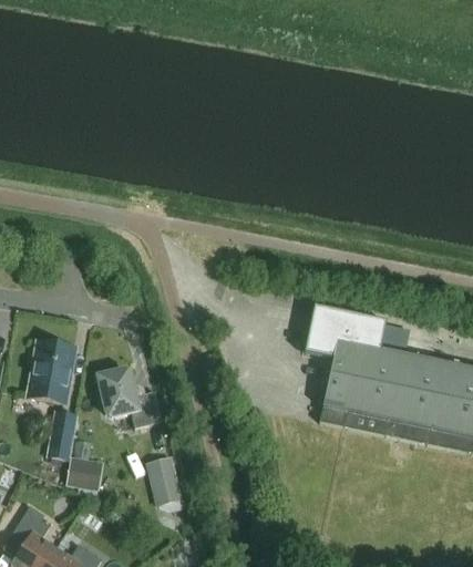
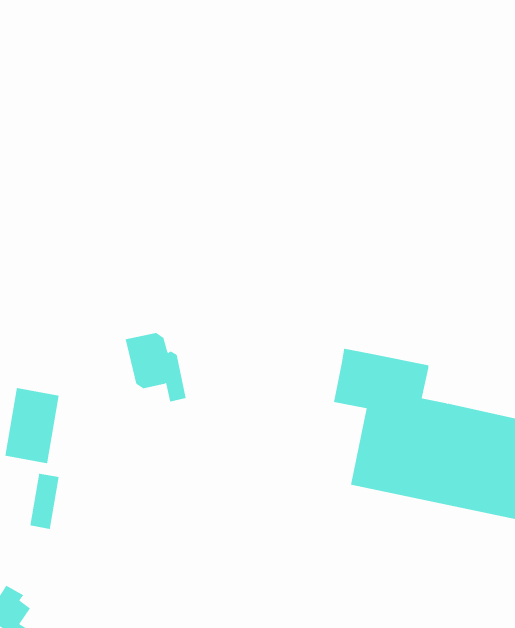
building: [97,369,150,427] -> [125,332,187,402]
building: [145,455,185,512] -> none
building: [68,456,94,486] -> none

